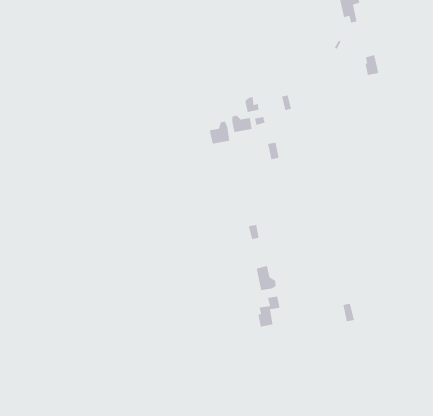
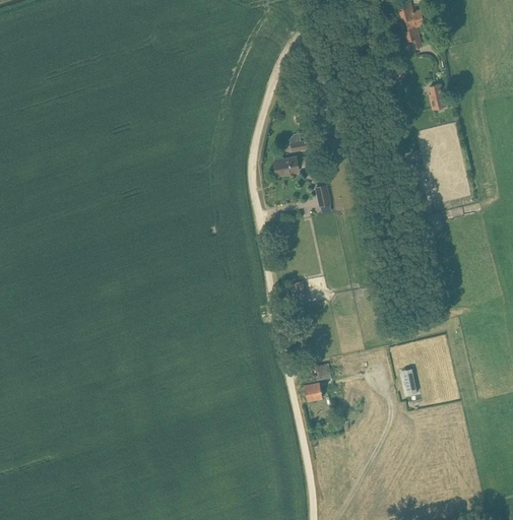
building: [209,120,230,145] -> none
building: [256,265,277,291] -> none

